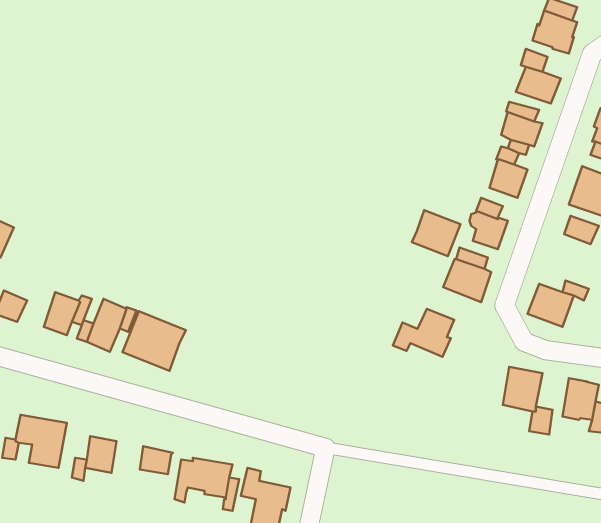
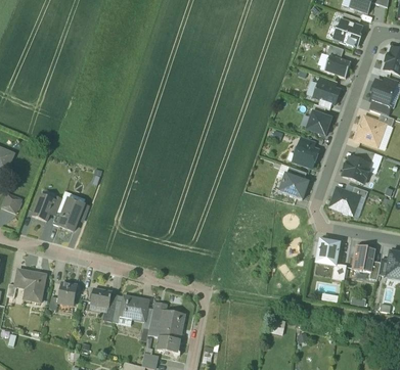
building: [412,210,460,256] -> none
building: none -> [343,156,369,182]
building: [393,309,454,357] -> none
building: [123,311,186,371] -> none

